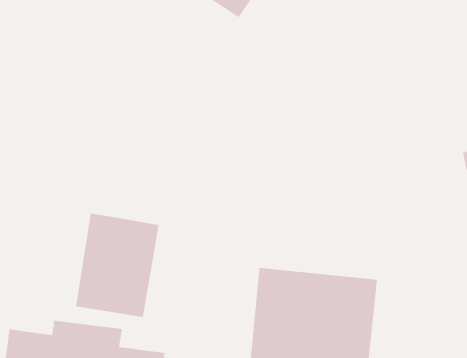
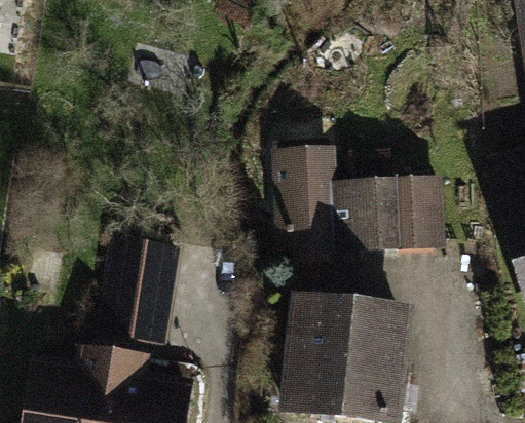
building: none -> [282,149,449,256]

